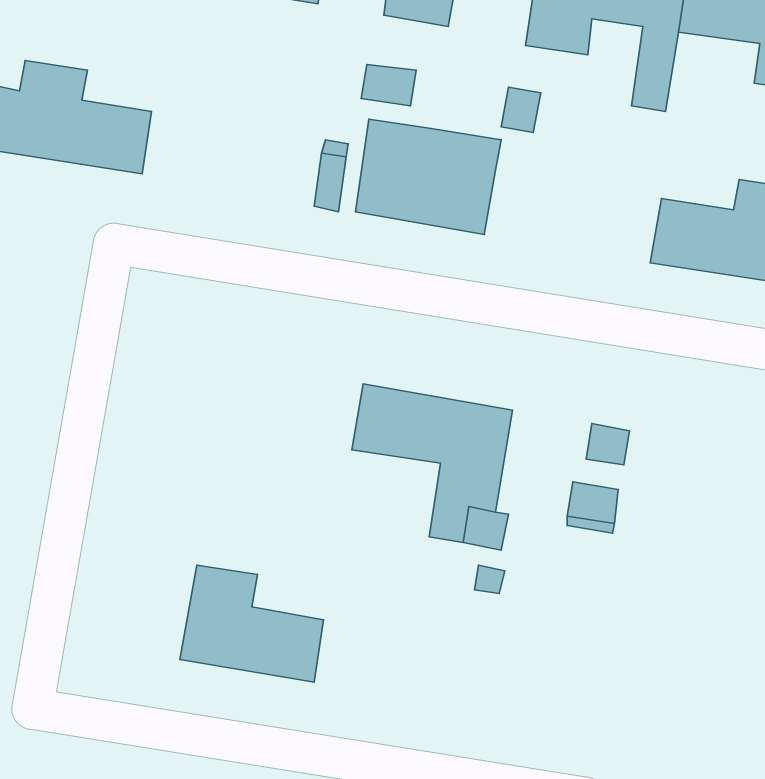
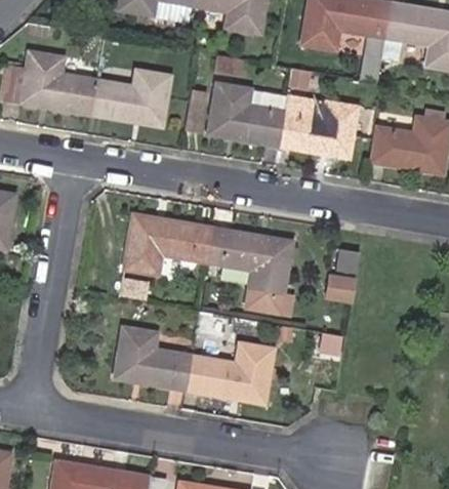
building: none -> [94,71,169,125]
building: none -> [280,95,358,157]
building: none -> [125,215,214,275]
building: none -> [188,344,268,402]

